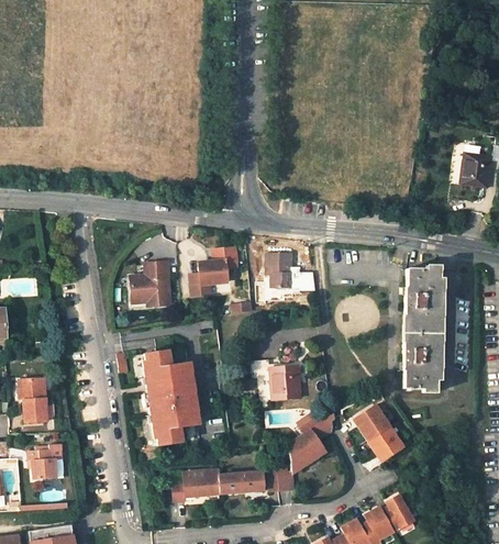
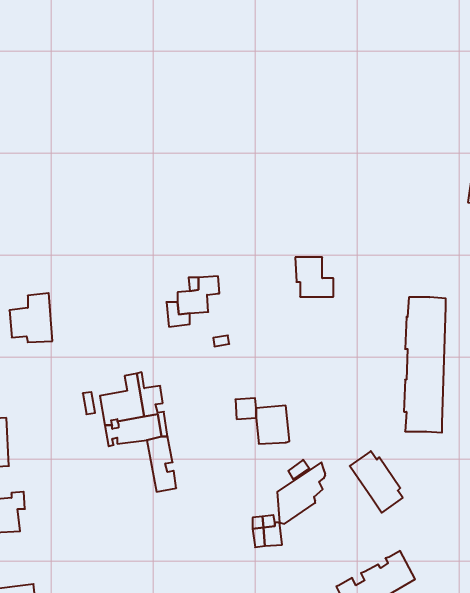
building: [266,251,300,286] -> [295,257,333,297]
building: [129,260,167,304] -> [9,293,52,342]
building: [138,396,181,447] -> none
building: [174,469,265,501] -> none

